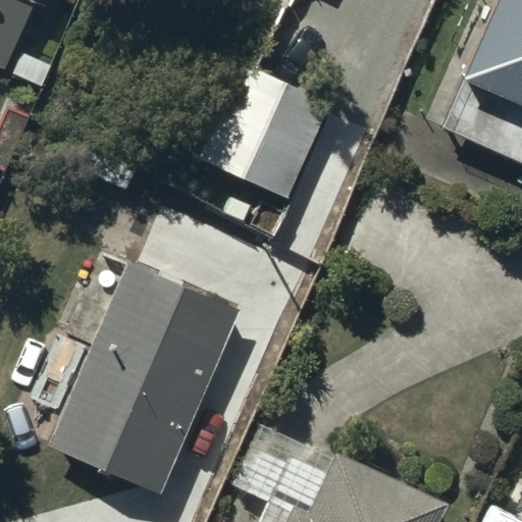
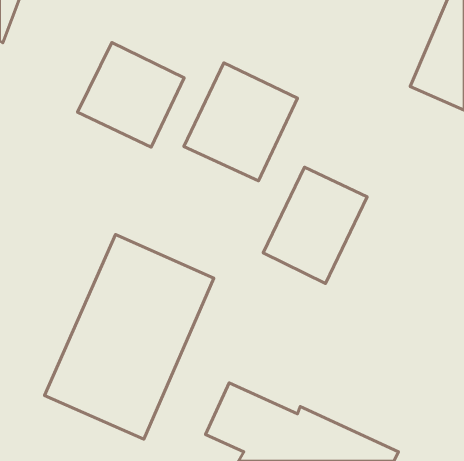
building: none -> [78,43,184,147]
building: none -> [263,167,367,284]

